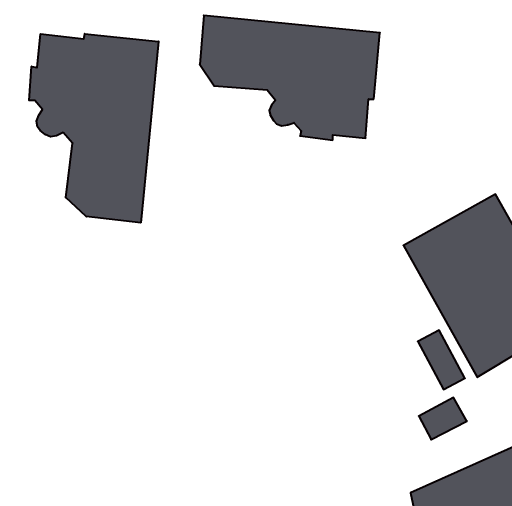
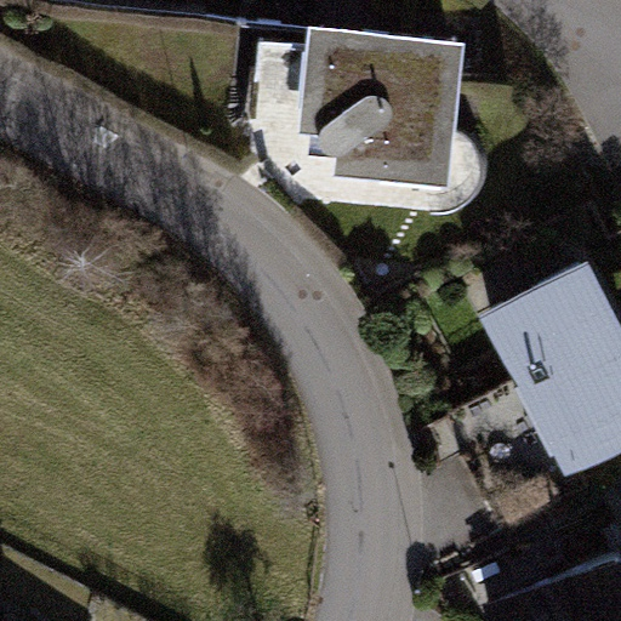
building: [29,34,159,223] -> none

